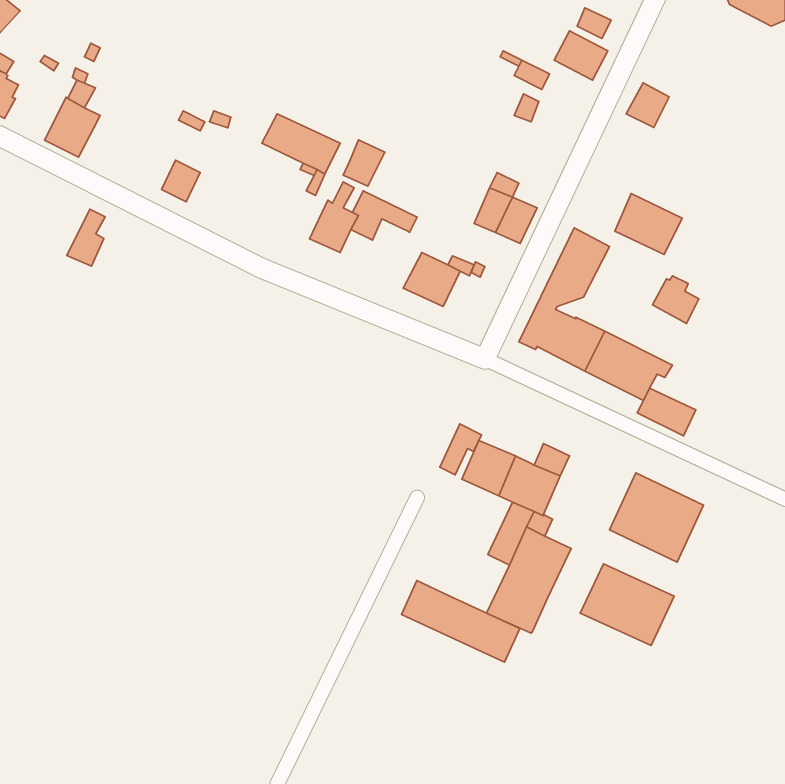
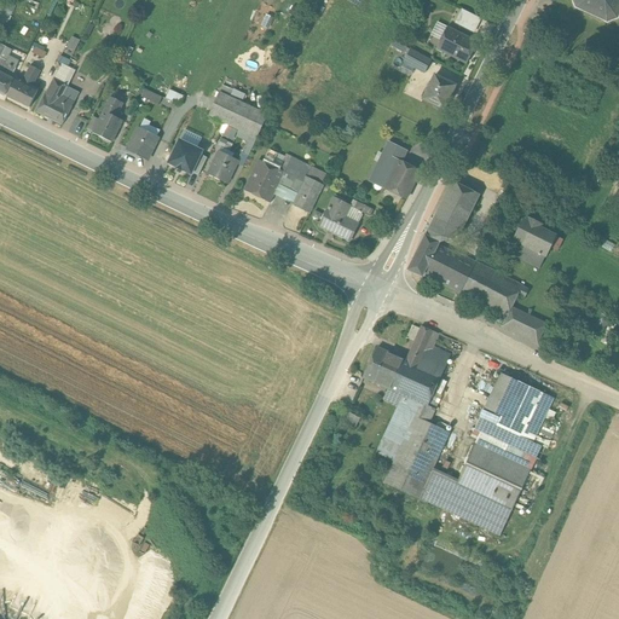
building: none -> [6,64,39,105]
building: [626,83,669,128] -> [422,73,456,108]
building: [343,140,385,186] -> [288,172,320,208]
building: none -> [168,138,201,172]
building: none -> [207,150,237,181]
building: [615,193,682,254] -> none
building: [67,209,105,266] -> [92,96,122,140]
building: [440,424,481,475] -> [405,324,438,364]
building: none -> [473,416,536,468]
building: [401,581,520,662] -> [418,469,511,533]

